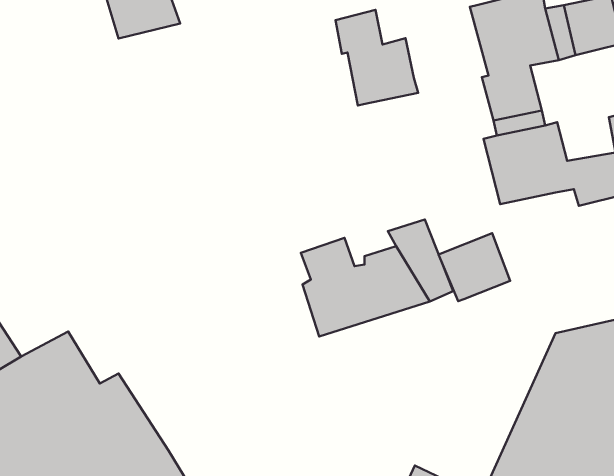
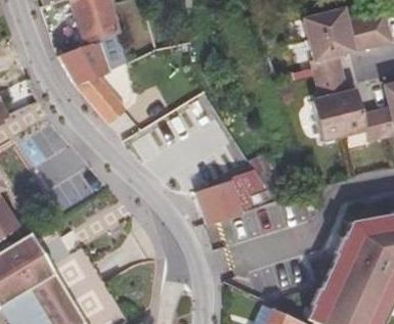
building: [335,10,418,105] -> none
building: none -> [58,40,126,123]
building: [439,233,510,301] -> none

